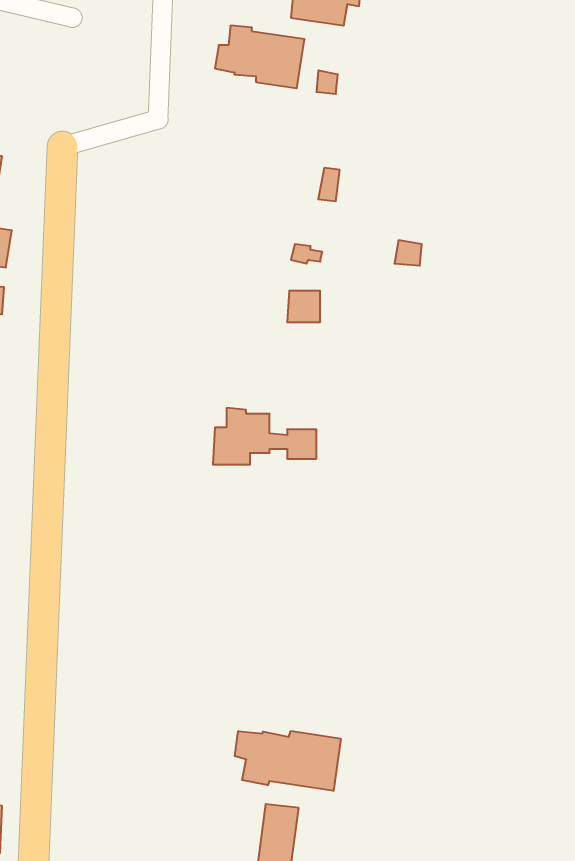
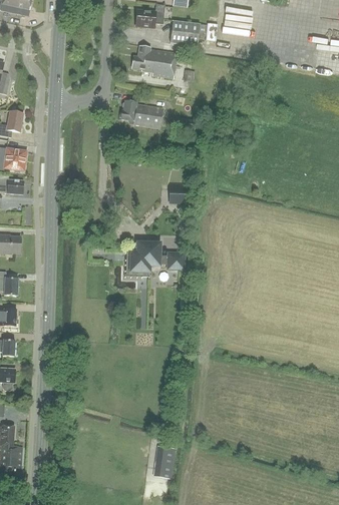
building: none -> [119,99,162,127]
building: [235,731,341,791] -> none

